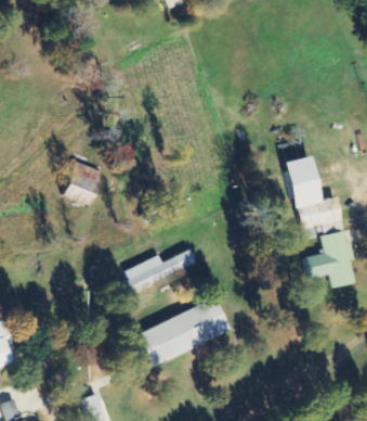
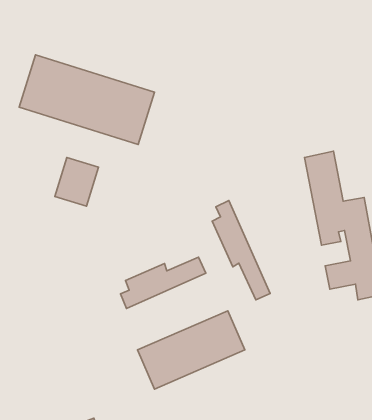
building: none -> [19,55,155,144]
building: none -> [212,201,270,300]

